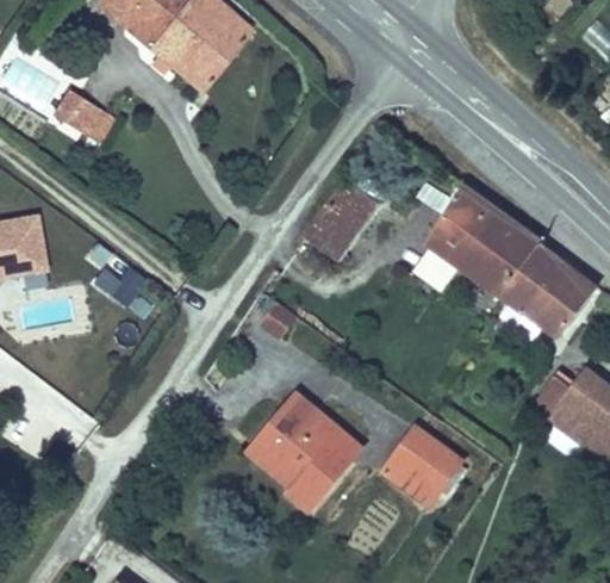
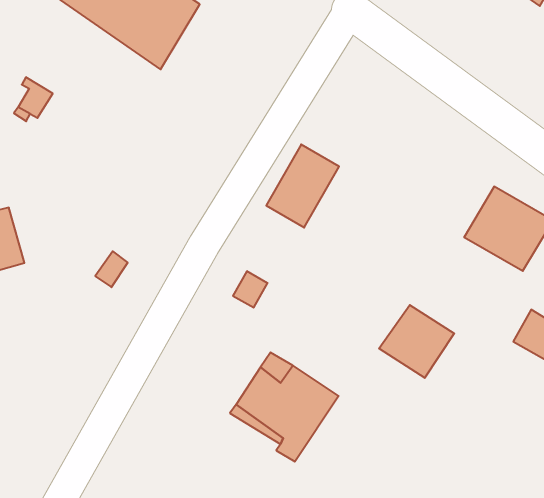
building: [428,181,542,293] -> none
building: [382,430,461,507] -> [379,305,454,378]

